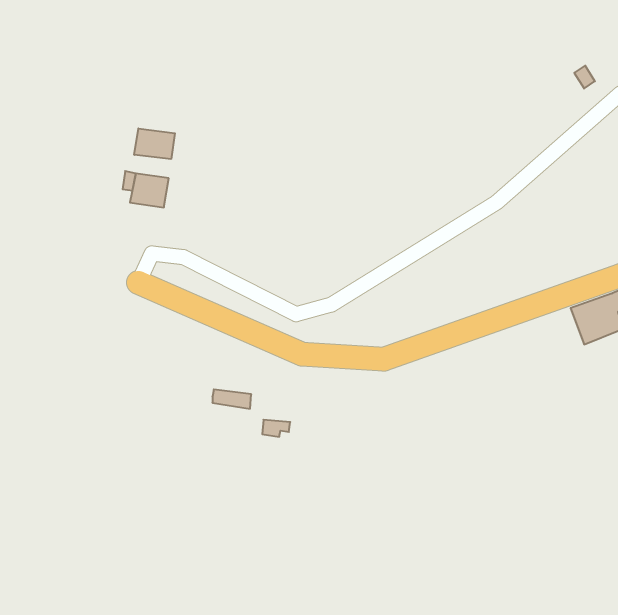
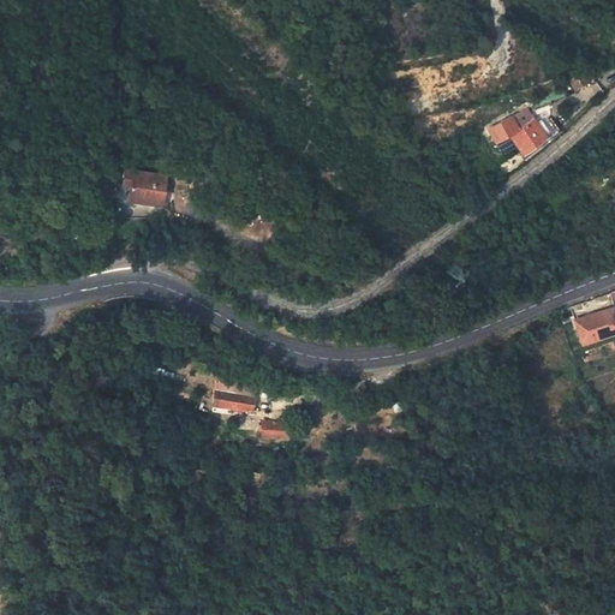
building: none -> [490,112,560,155]
building: [134,128,175,159] -> none

